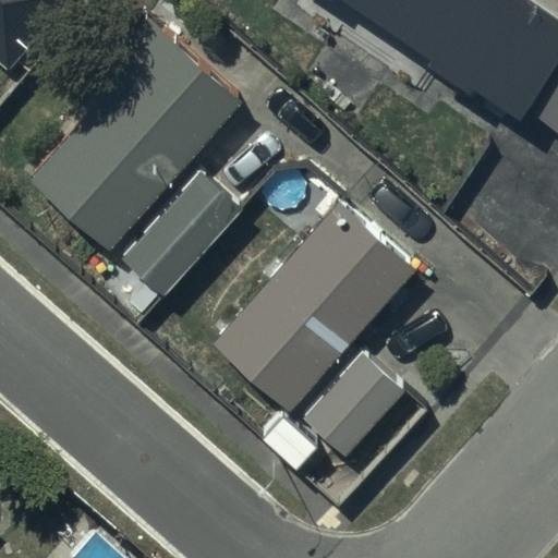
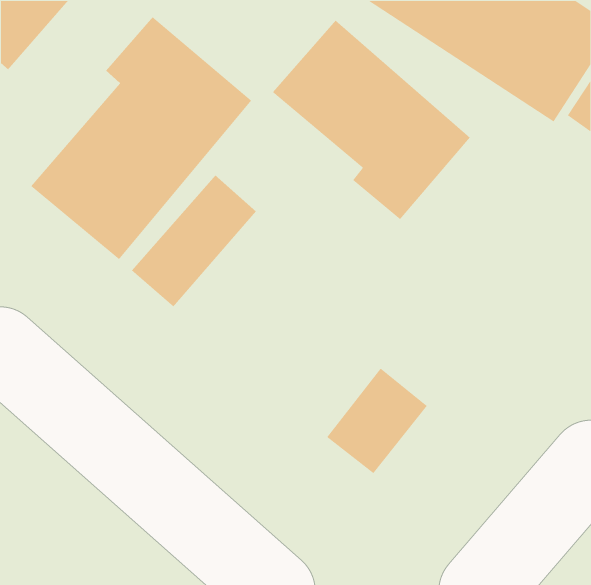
building: none -> [272,19,471,220]
building: [216,198,418,411] -> none

